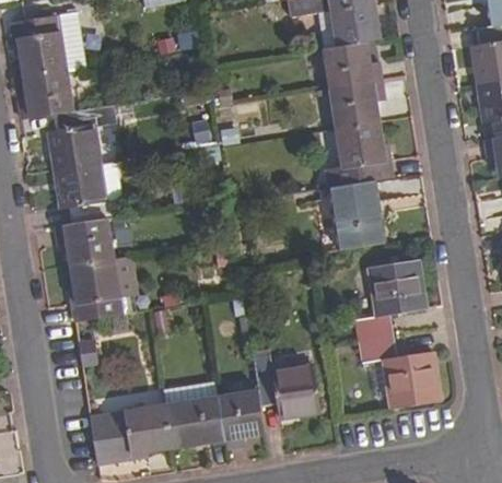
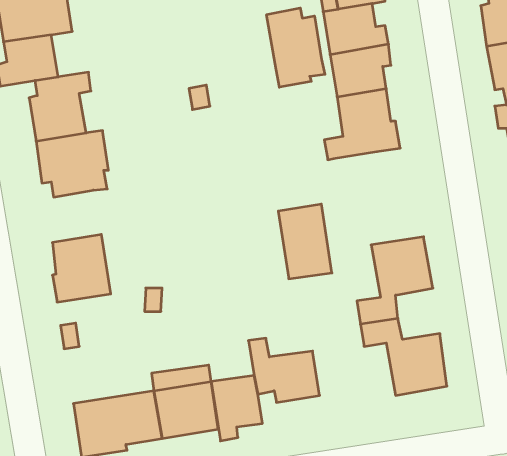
building: none -> [267,8,325,87]
building: [332,180,383,250] -> [278,204,332,279]
building: [54,216,115,266] -> none

